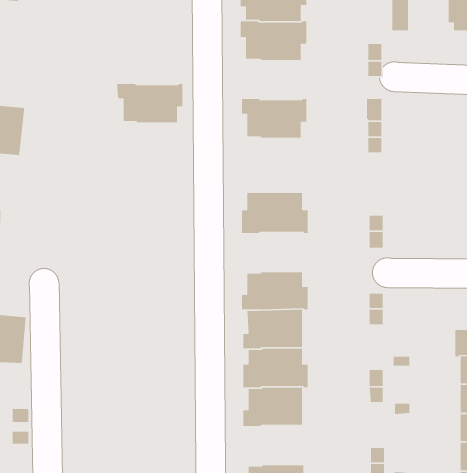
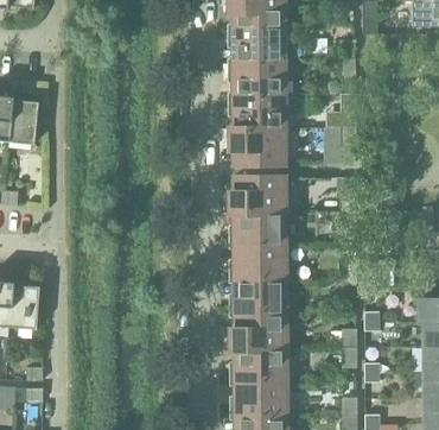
building: [116,83,183,123] -> [229,58,288,94]
building: none -> [230,127,290,163]
building: none -> [230,211,285,247]
building: none -> [231,382,286,418]

